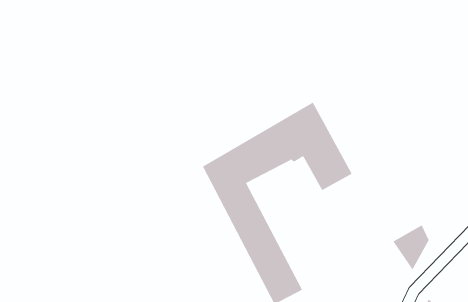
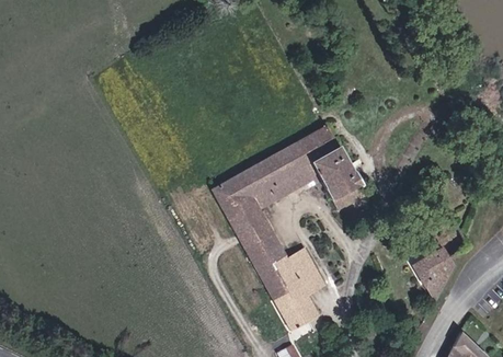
building: none -> [288,246,328,295]

